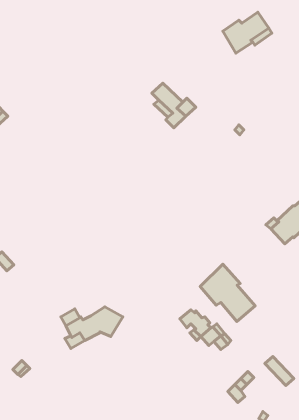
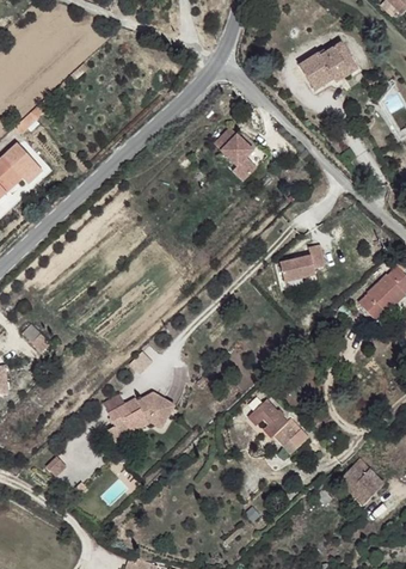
building: none -> [282,245,327,282]
building: [200,264,255,321] -> none
building: none -> [339,464,375,501]

